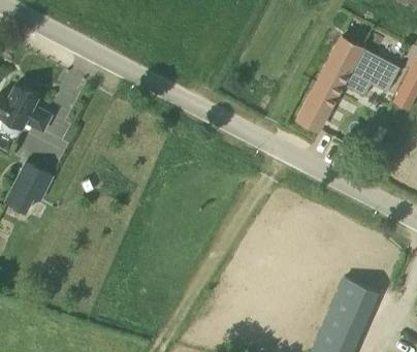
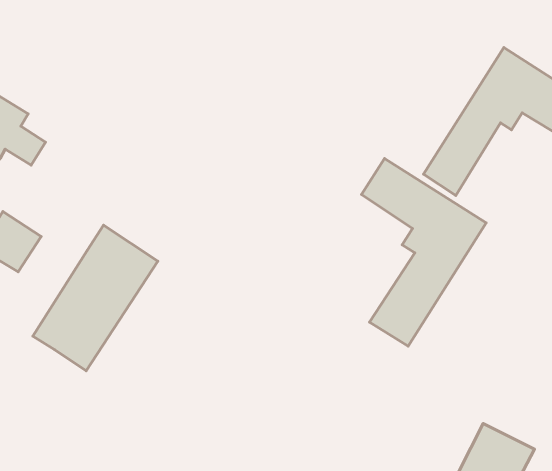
building: none -> [361,159,486,346]
building: none -> [33,225,158,371]

